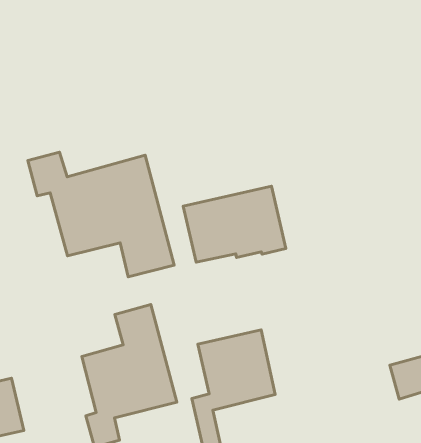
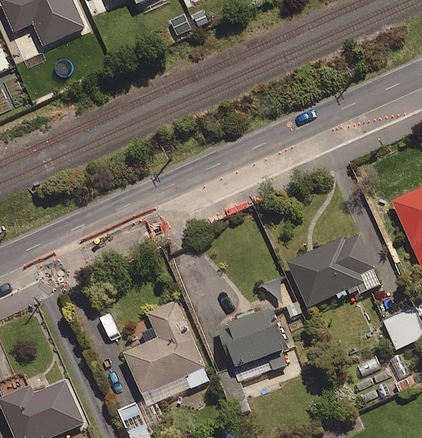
building: [28,152,174,277] -> none
building: [183,186,286,262] -> [287,232,378,305]

